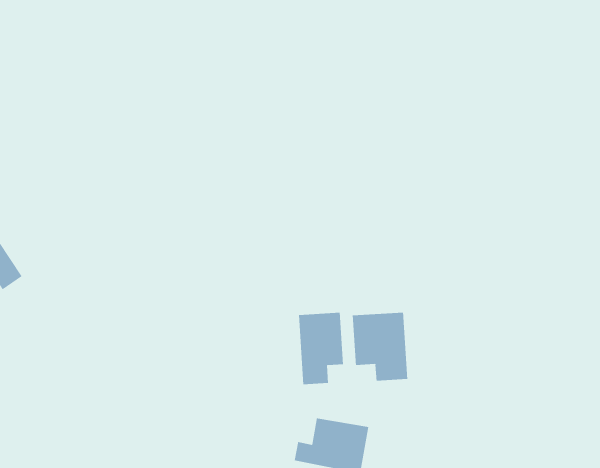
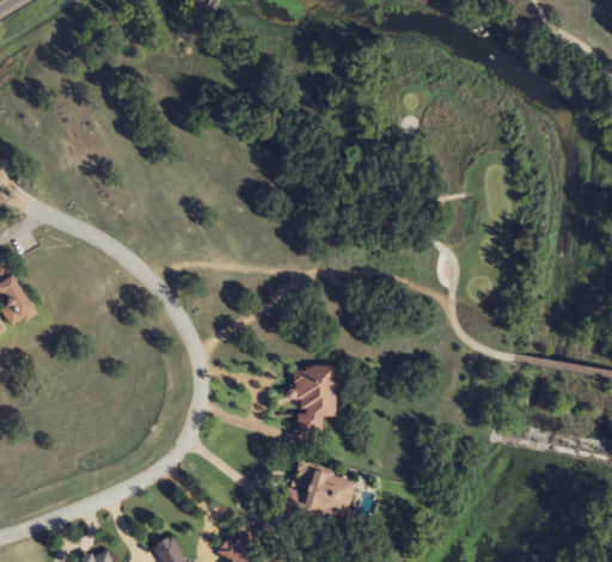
building: [352,312,408,382] -> none

